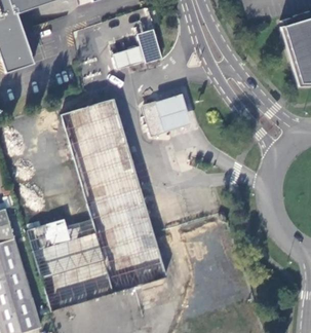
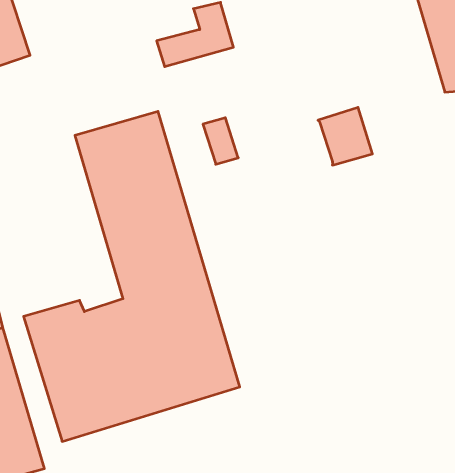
building: [156,94,191,131] -> [318,107,372,165]

